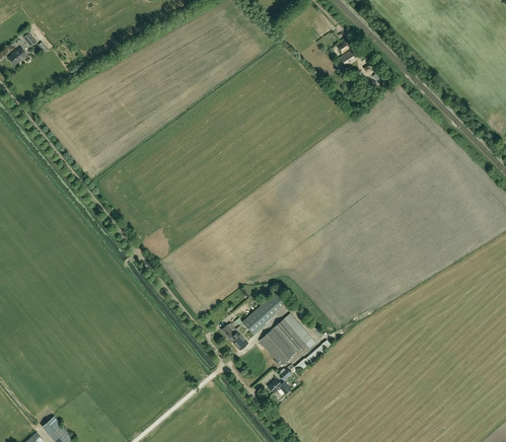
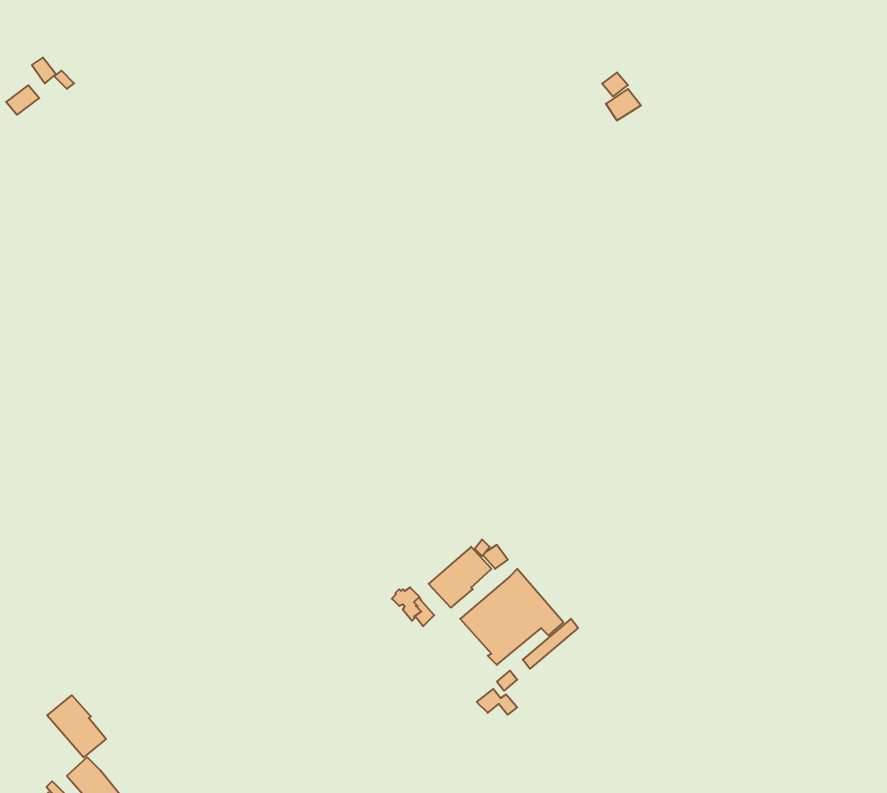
building: none -> [47,695,106,757]

